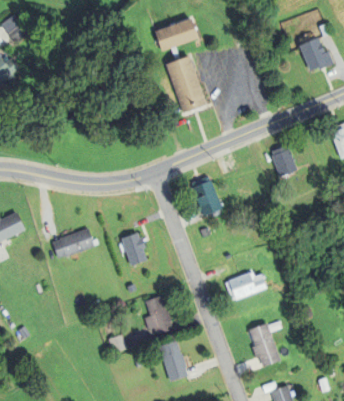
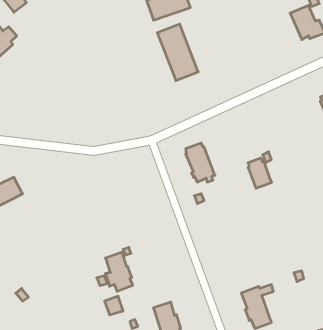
building: [273,145,297,176] -> [248,158,272,188]
building: [52,228,94,258] -> none
building: [121,233,147,266] -> none
building: [226,273,267,301] -> none
building: [145,295,173,335] -> [105,252,133,291]

